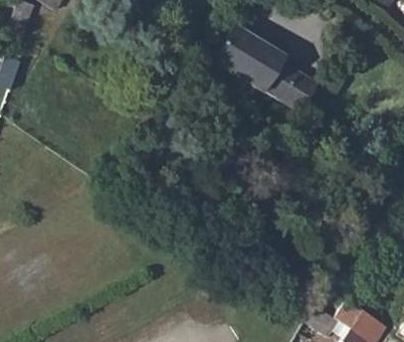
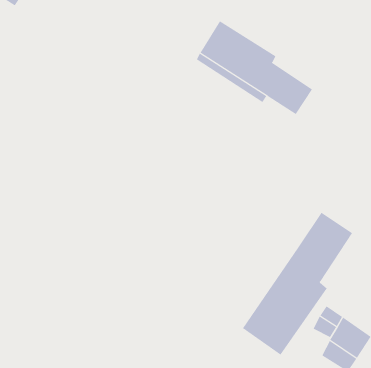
building: none -> [242,212,353,355]

